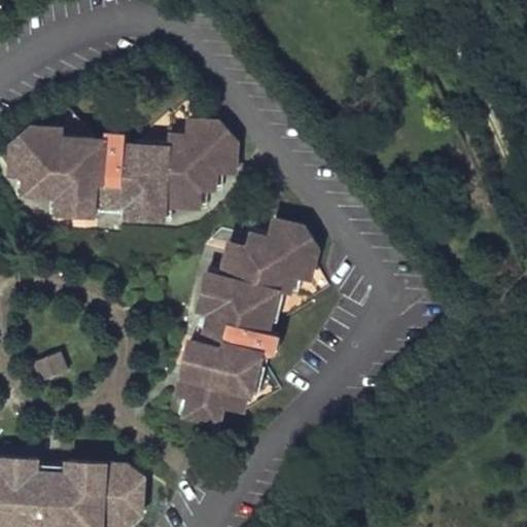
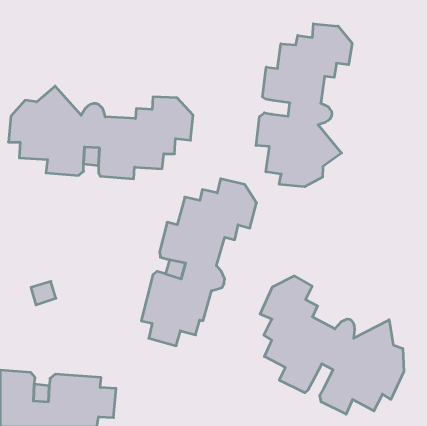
building: none -> [256,24,352,187]
building: none -> [260,276,404,414]

